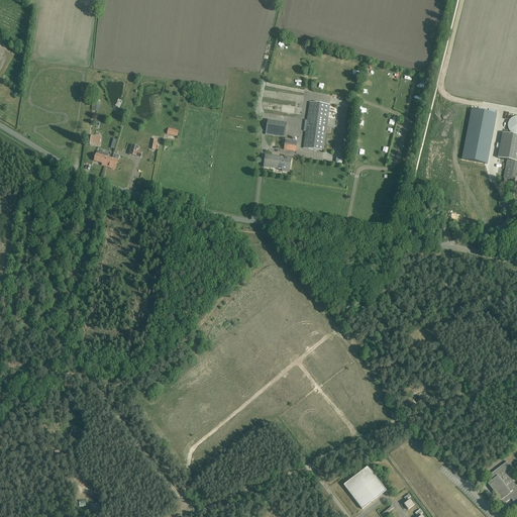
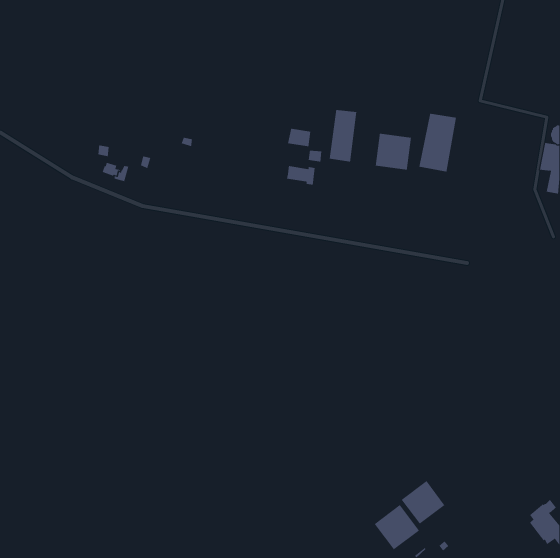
building: [461,108,497,163] -> [419,113,457,172]
building: none -> [375,133,411,170]
building: none -> [401,480,445,525]

